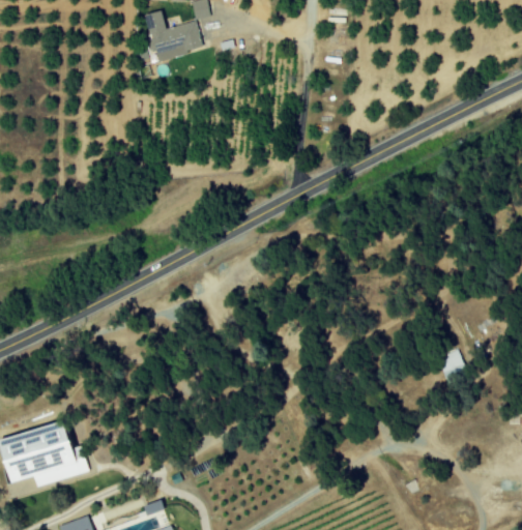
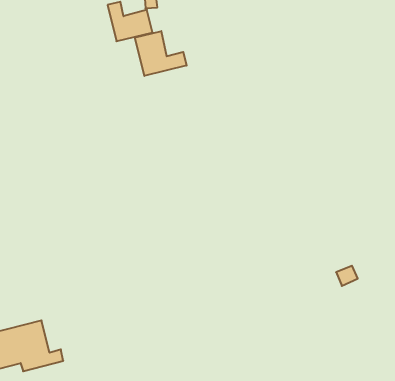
building: none -> [135,31,187,76]

